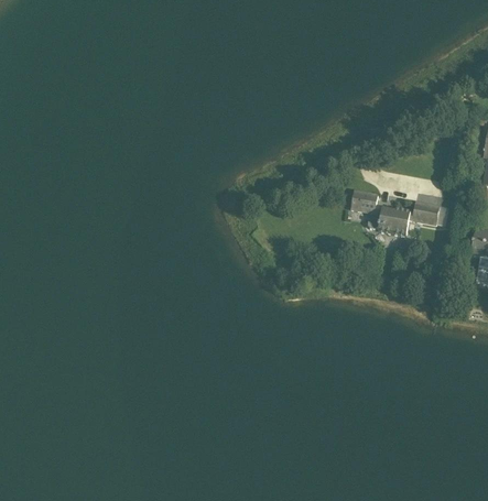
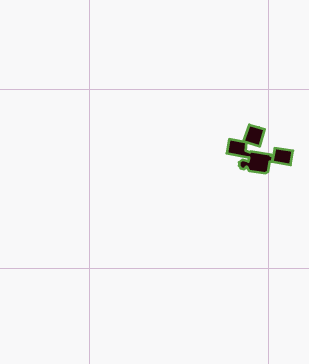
building: none -> [243,125,265,146]

